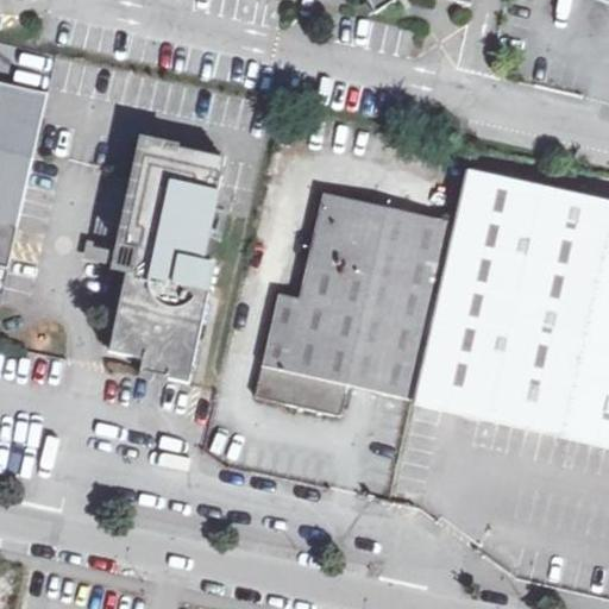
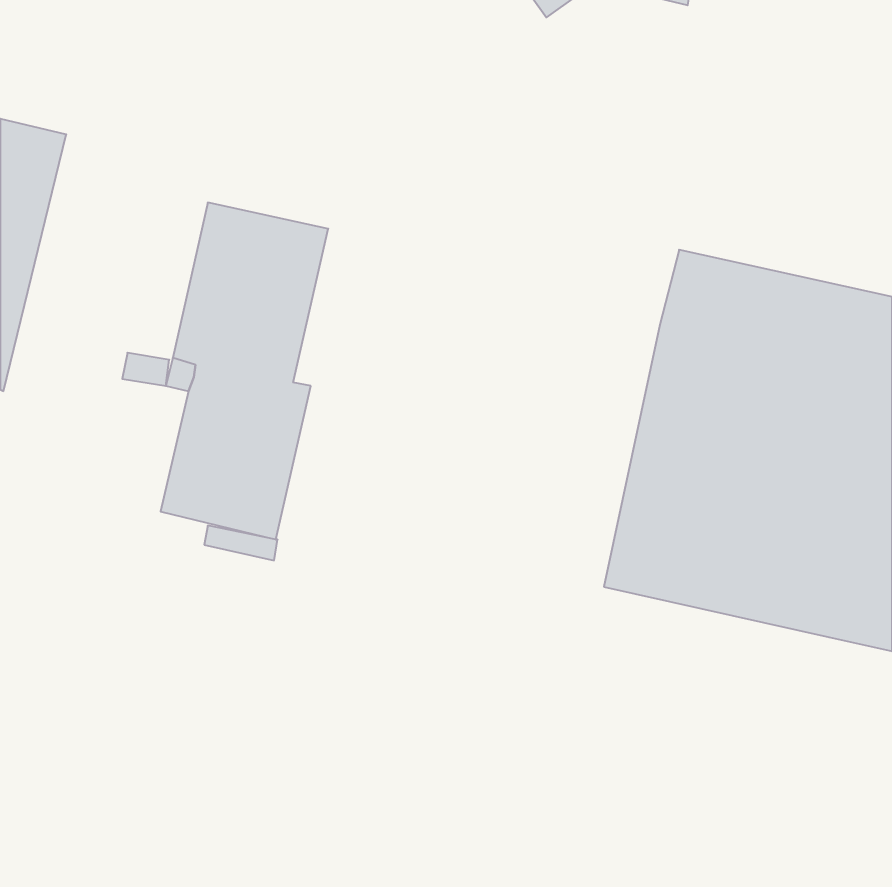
building: [256,193,450,415] -> none

